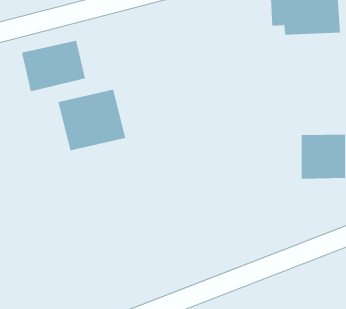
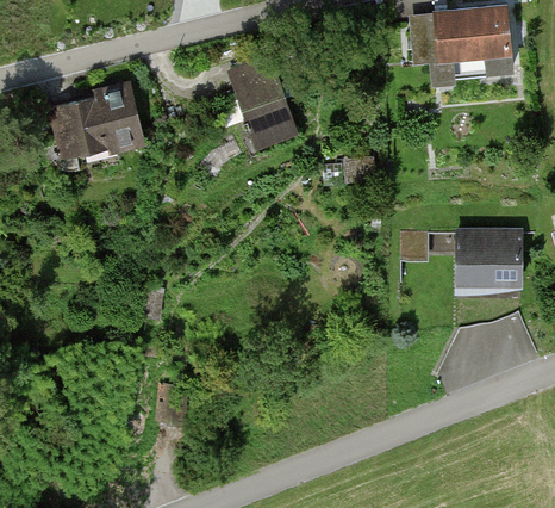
building: none -> [225,50,300,148]
building: [58,89,126,151] -> none

